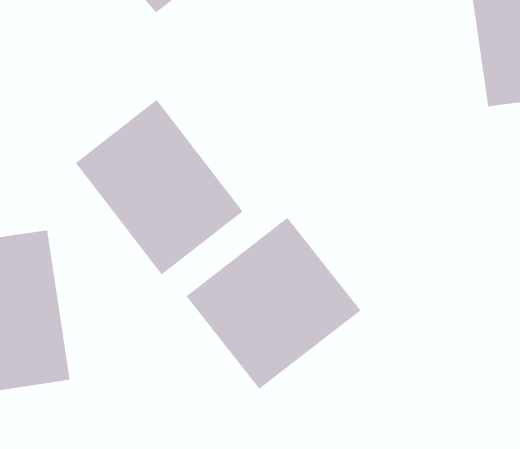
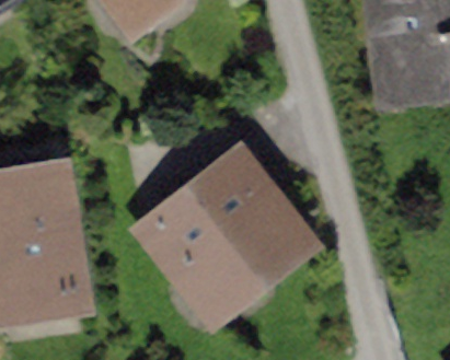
building: [75,99,244,276] -> none

